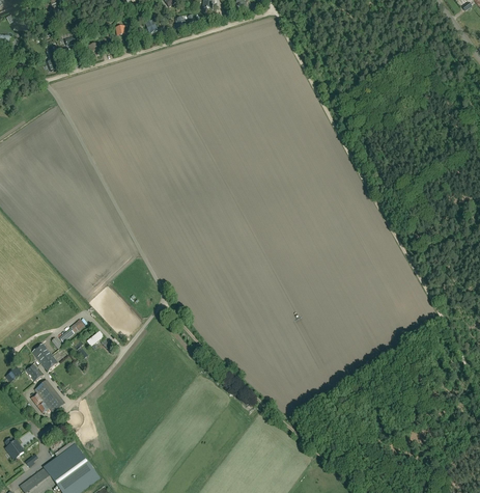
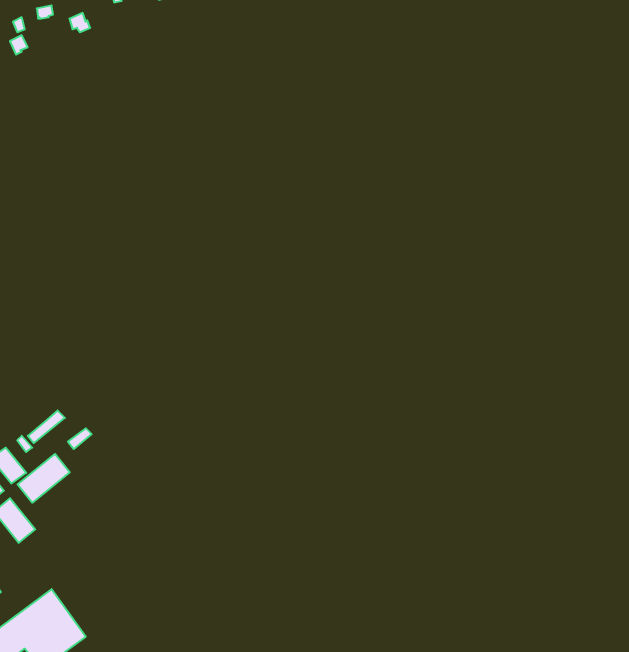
building: none -> [18,454,70,503]

